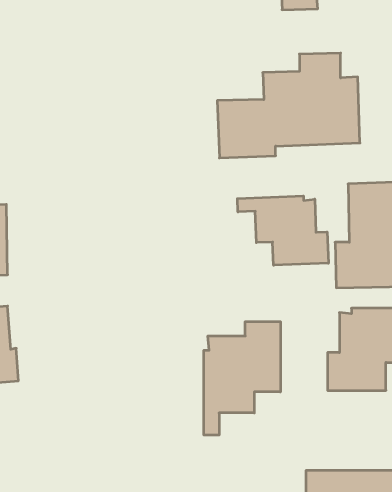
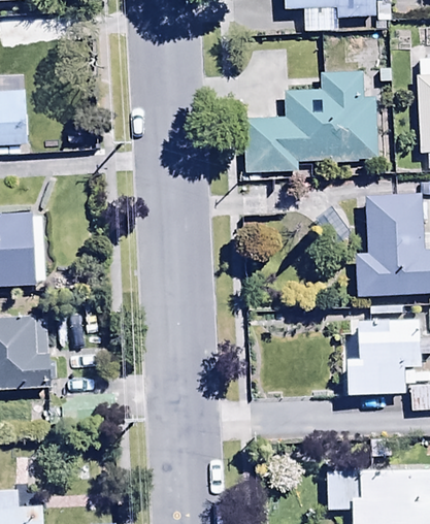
building: [237,196,328,265] -> none
building: [204,322,280,435] -> none

